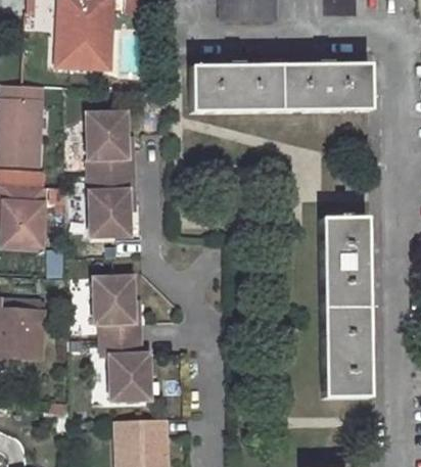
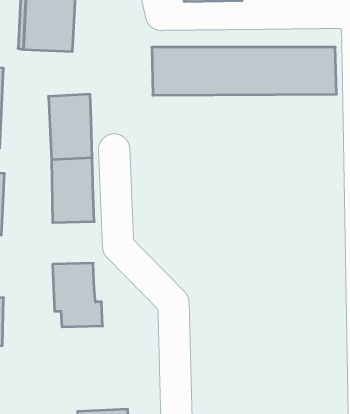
building: [319,217,368,398] -> none
building: [100,337,150,401] -> none

